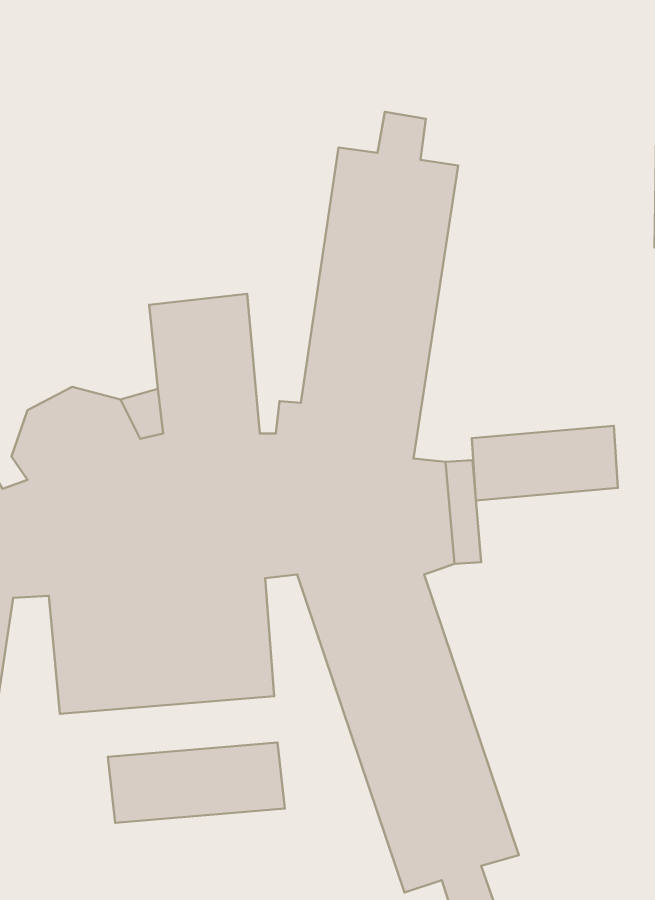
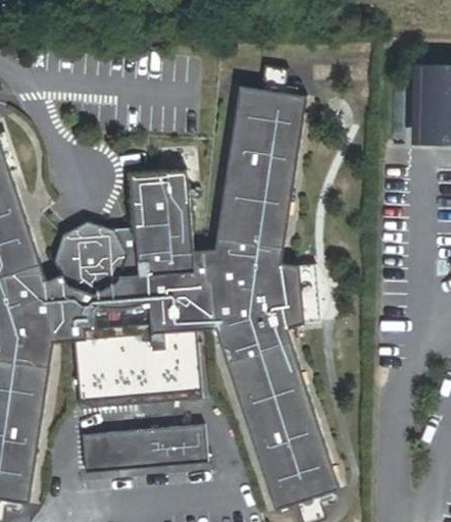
building: [472,426,618,500] -> none
building: none -> [82,432,110,472]

